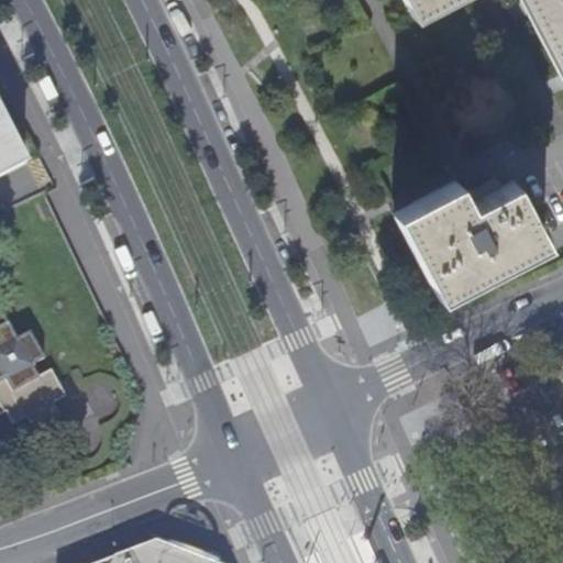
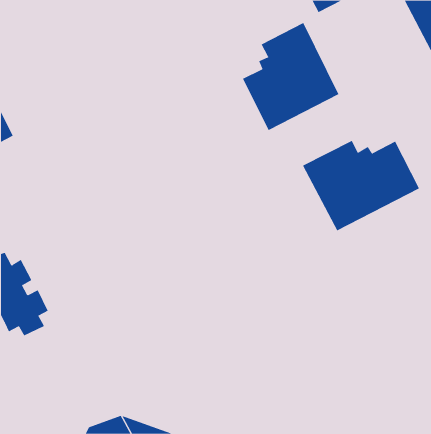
building: none -> [242,22,339,131]

